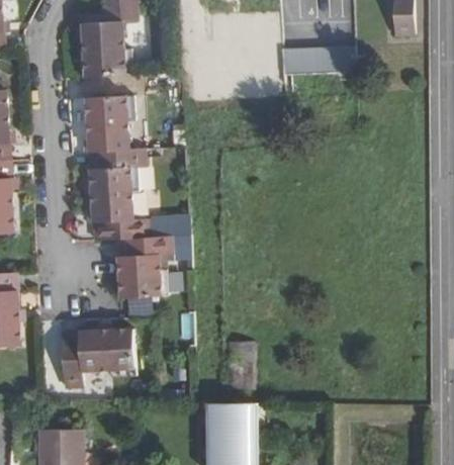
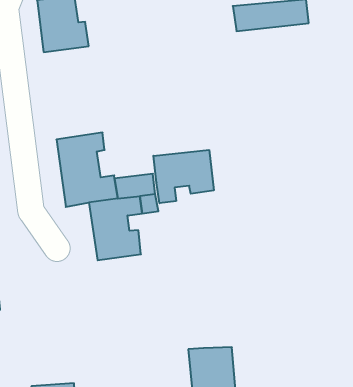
building: [83,97,141,173] -> none
building: none -> [153,150,214,203]
building: [63,329,140,389] -> none

